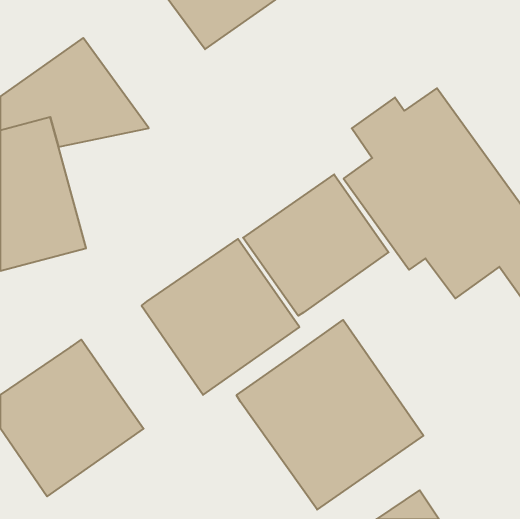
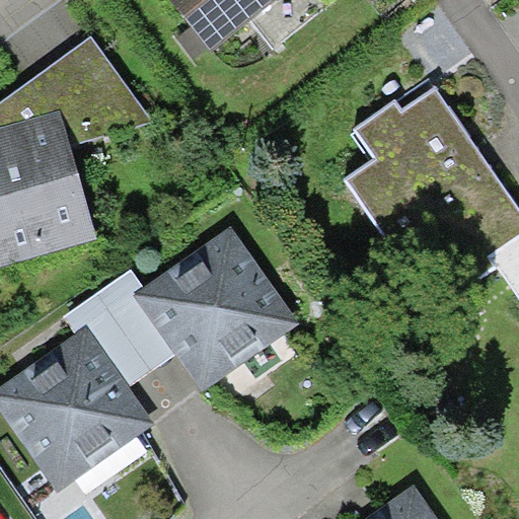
building: [243,174,389,316] -> none
building: none -> [58,269,177,389]
building: [237,320,423,510] -> none

